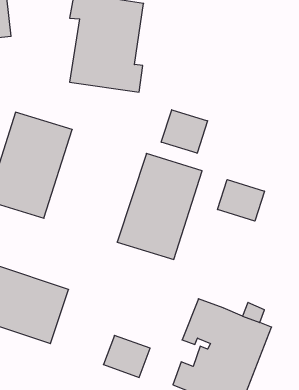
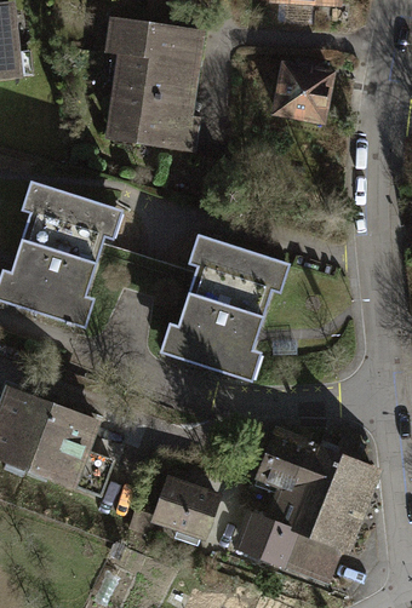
building: none -> [274,63,339,128]
building: [161,110,208,153] -> none
building: [218,180,264,221] -> none

